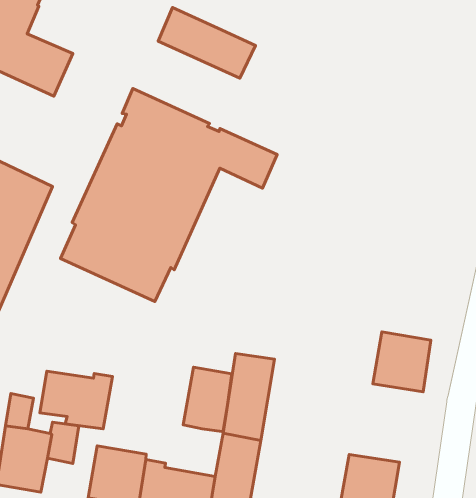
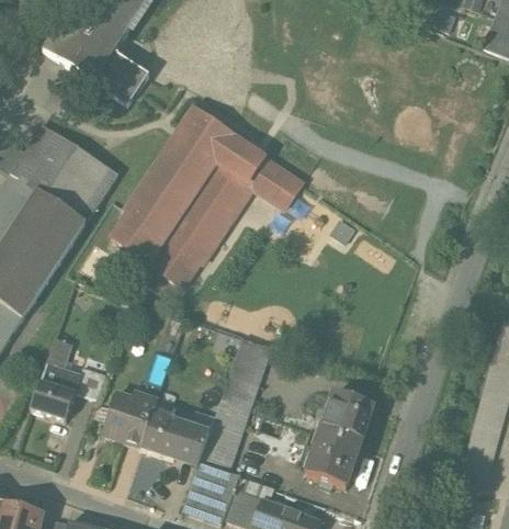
building: [158,8,256,78] -> none
building: [373,332,431,392] -> [319,391,372,444]
building: [183,367,232,431] -> none
building: [40,371,112,429] -> none

